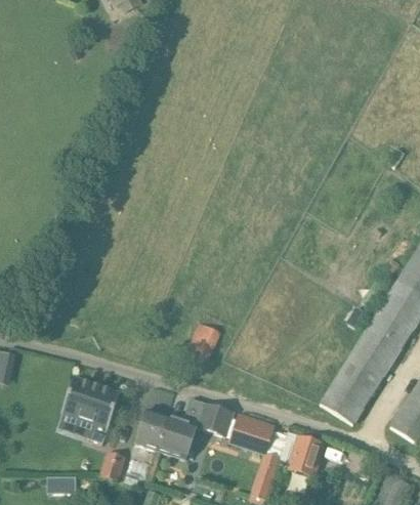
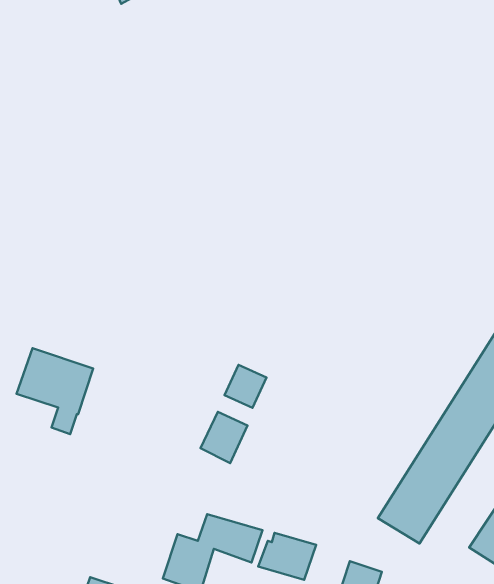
building: none -> [224,365,267,408]
building: [61,378,120,444] -> [16,348,93,434]
building: [134,409,168,450] -> none

